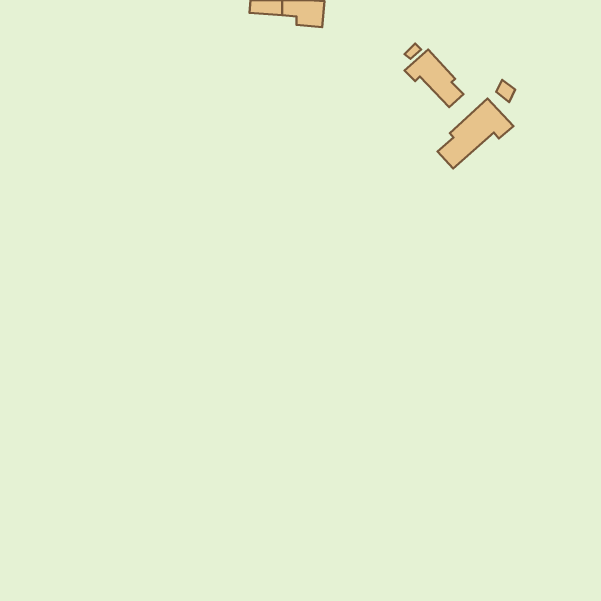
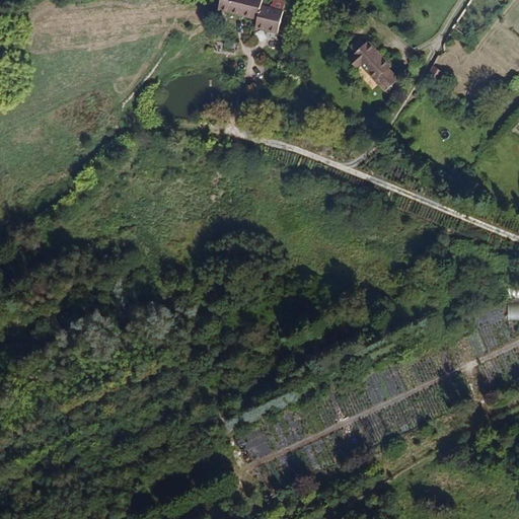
building: [437,98,514,168] -> none

